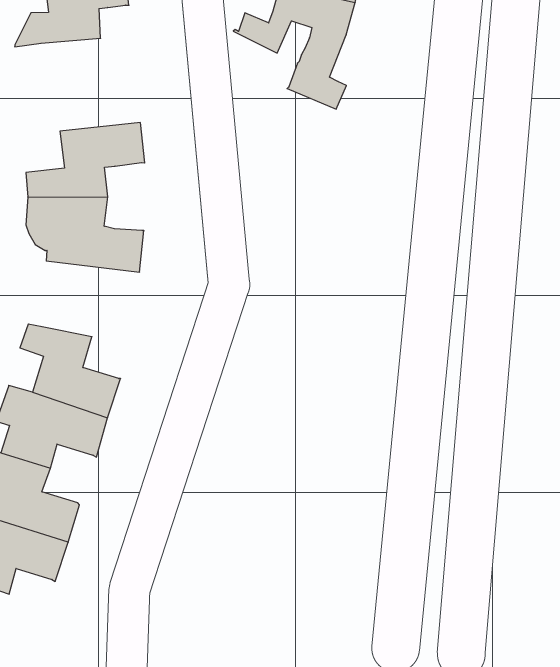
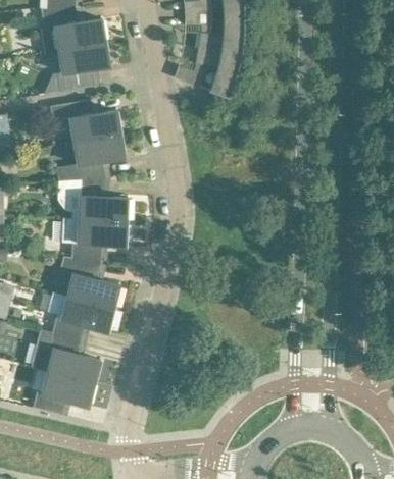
building: none -> [48,99,119,142]
building: none -> [60,218,125,261]

